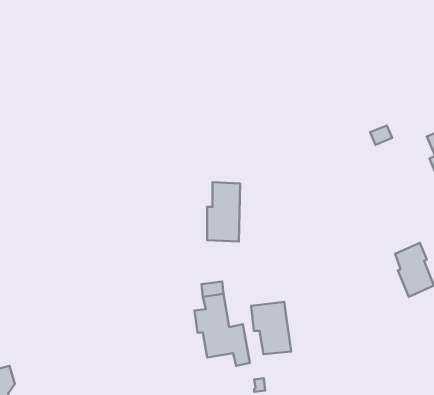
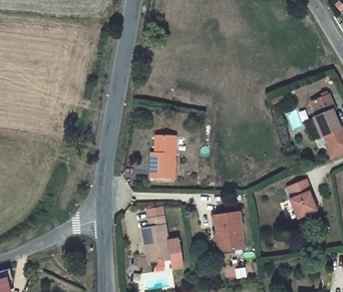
building: [251,302,291,354] -> [215,212,244,250]

